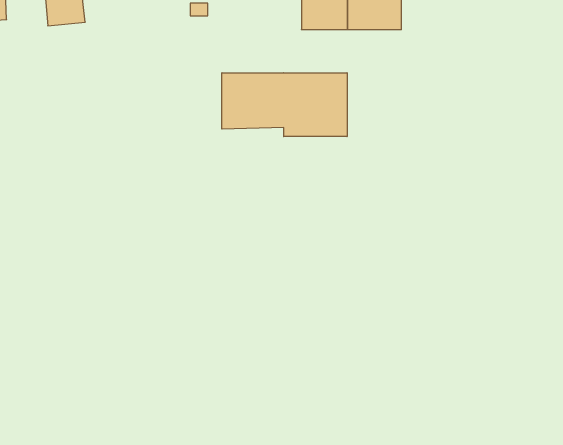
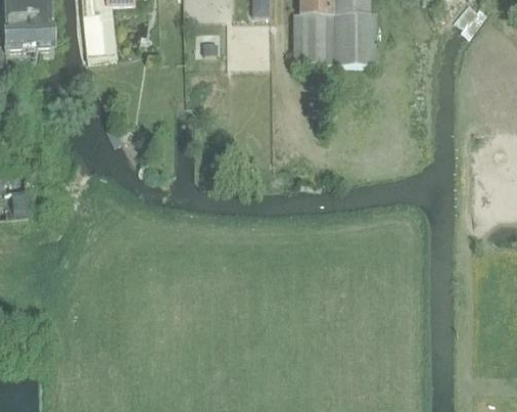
building: [222,73,347,137] -> none

